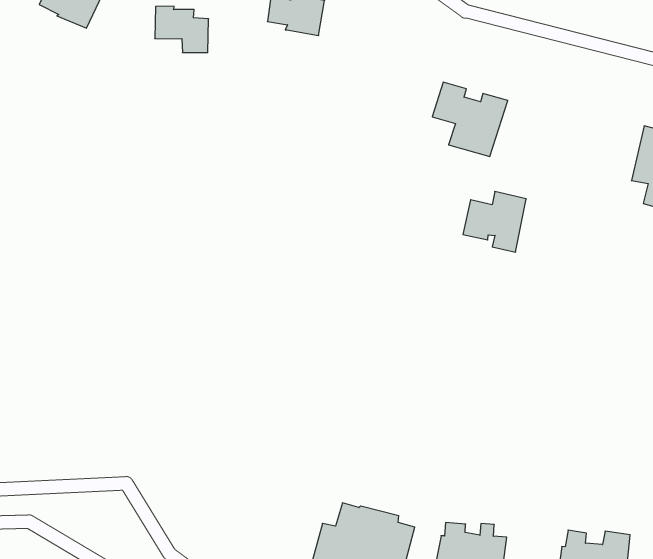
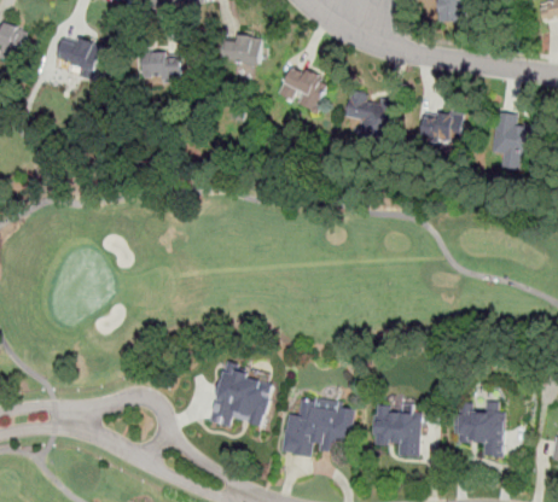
building: none -> [278,68,329,113]
building: [463,191,526,252] -> [419,109,463,151]
building: none -> [204,361,265,426]

